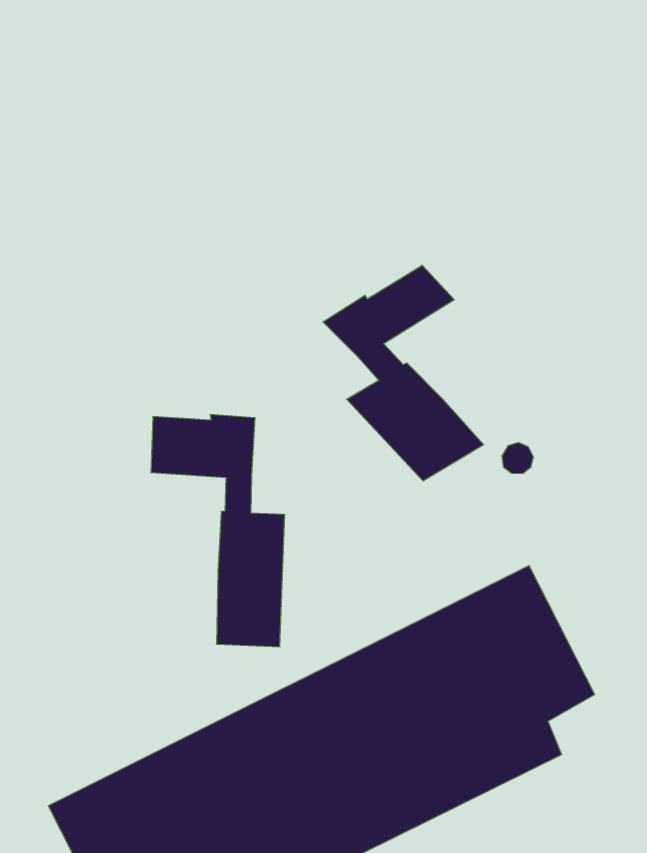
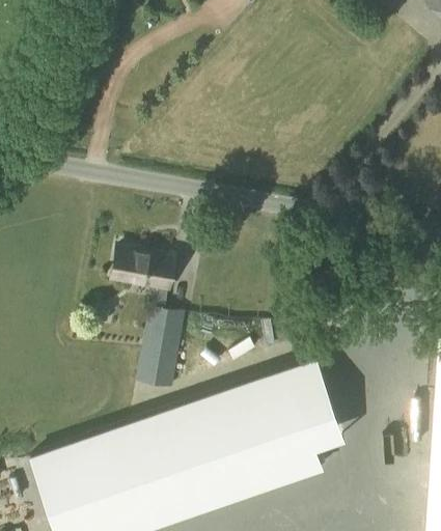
building: [323,265,484,481] -> none

